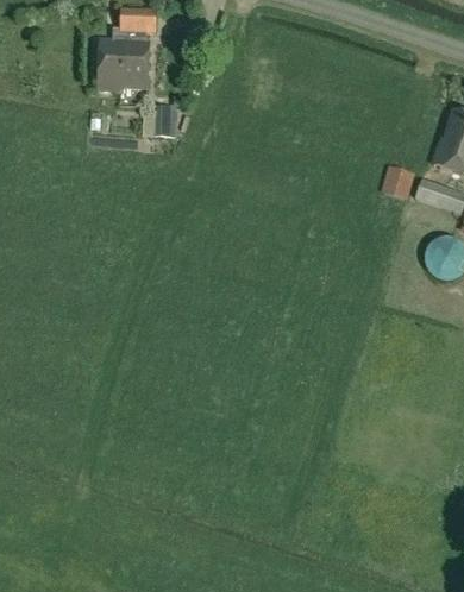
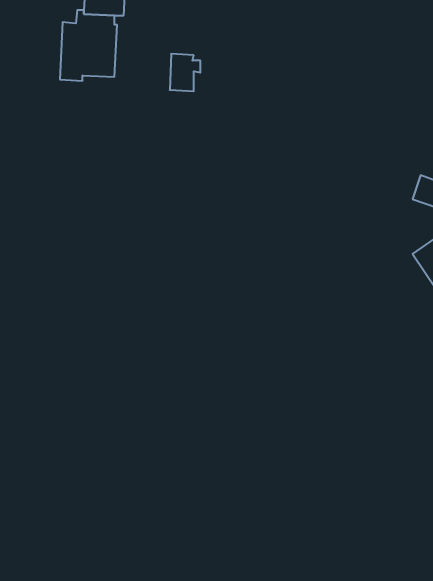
building: [153,103,181,137] -> [170,54,200,91]
building: [380,164,413,197] -> none

